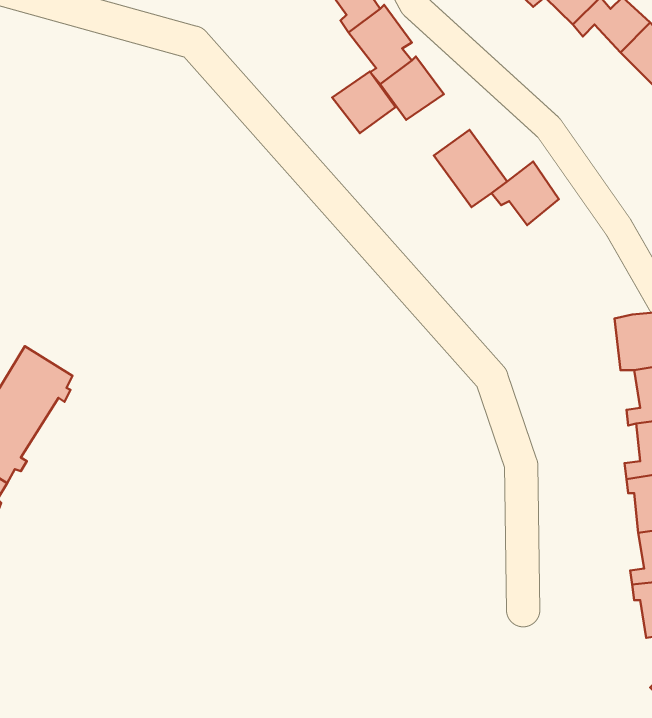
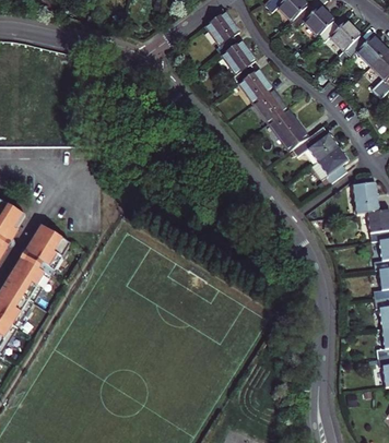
building: [332,72,396,133] -> [252,88,287,122]
building: none -> [313,146,346,183]
building: none -> [352,182,377,213]

